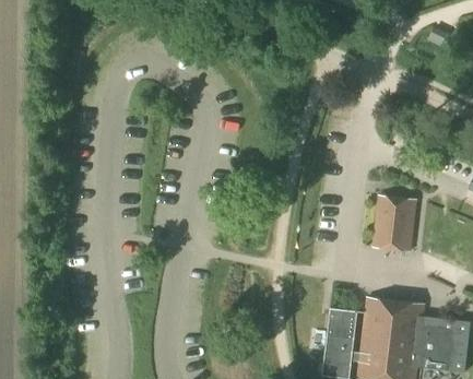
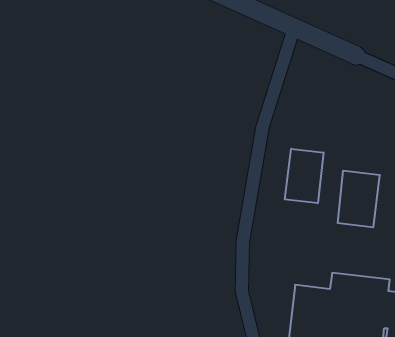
building: none -> [285,149,323,203]

